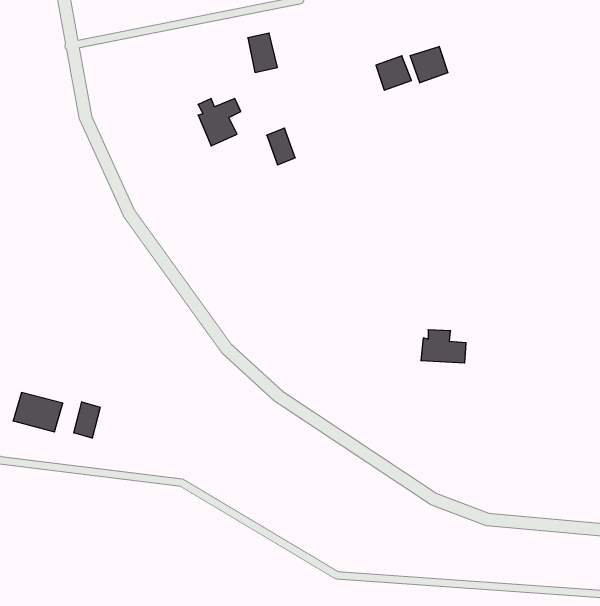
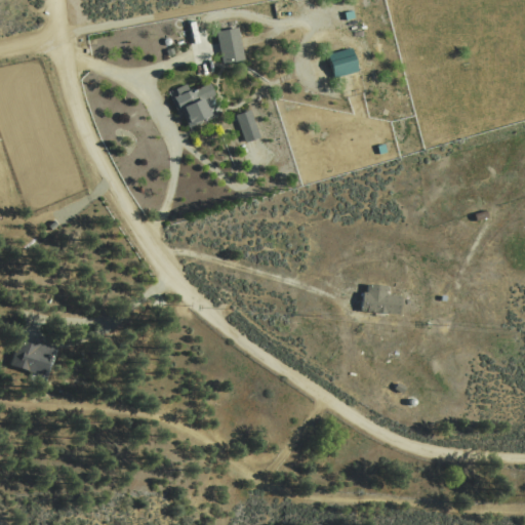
building: [410,46,448,83] -> none
building: [74,402,100,438] -> none

